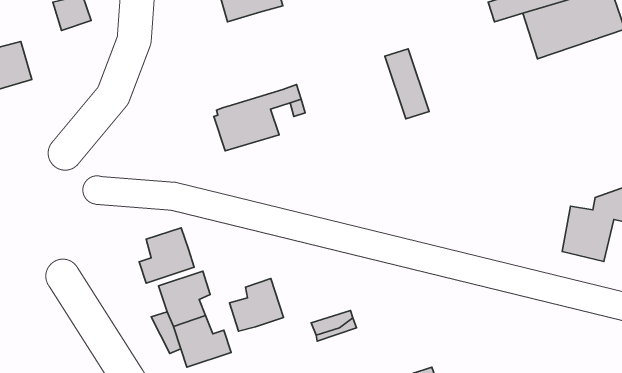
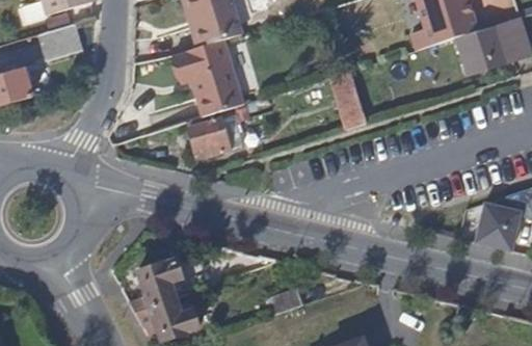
building: none -> [171,39,242,117]
building: [139,228,194,283] -> none
building: [229,278,284,331] -> none

